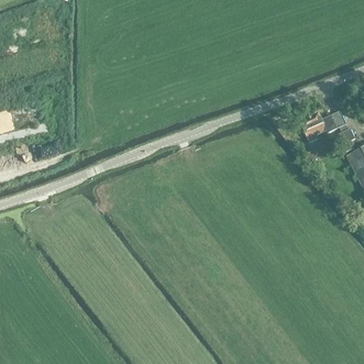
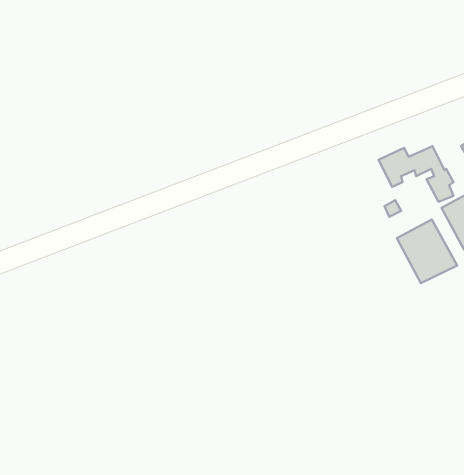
building: none -> [397,219,457,283]

